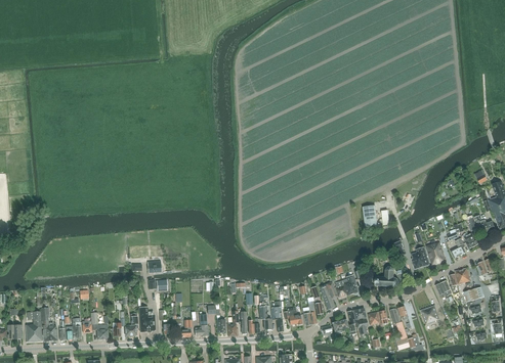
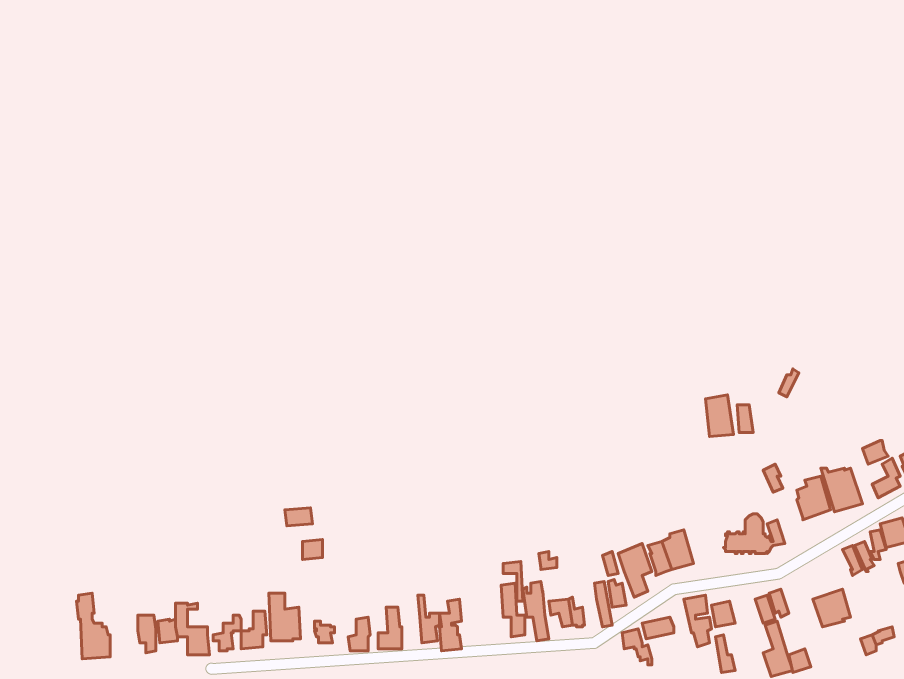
building: [26,311,42,342] -> none

